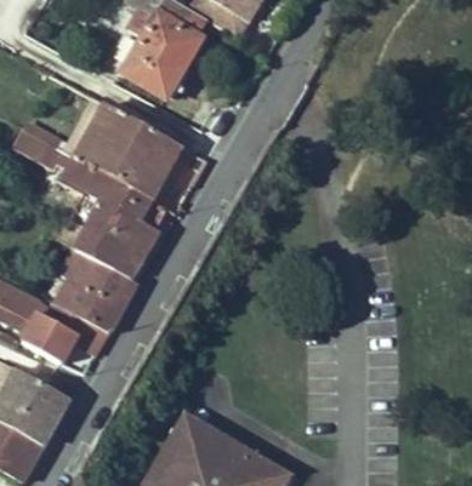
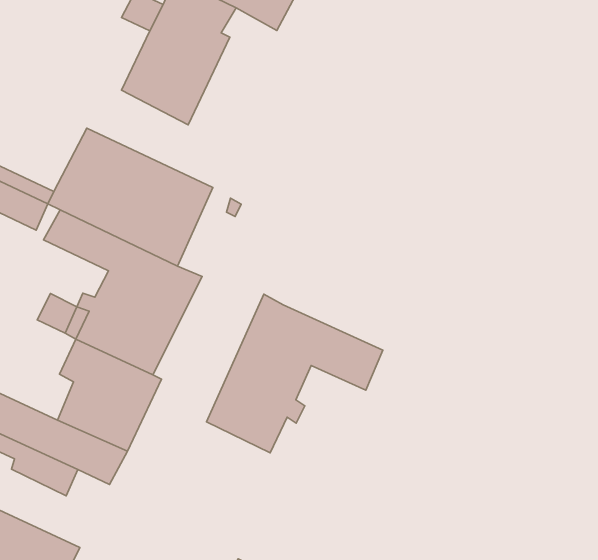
building: none -> [206,294,383,453]

